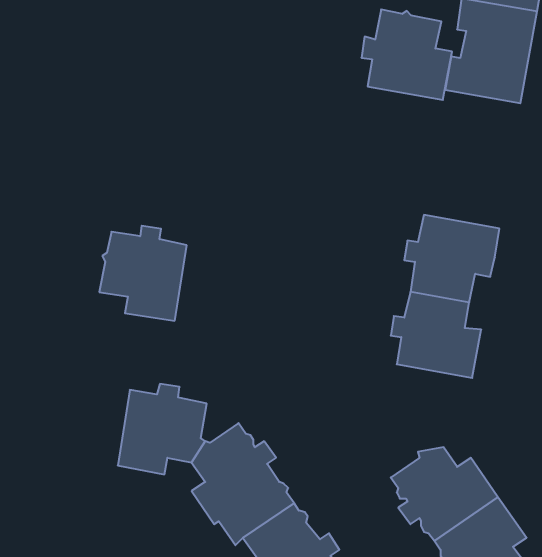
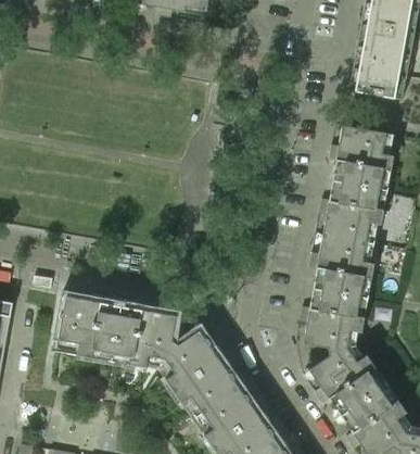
building: [361,9,452,100] -> [328,125,393,190]
building: [99,226,187,321] -> [58,292,120,361]
building: none -> [298,288,367,351]

